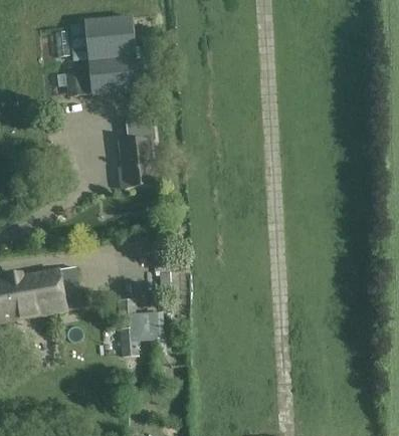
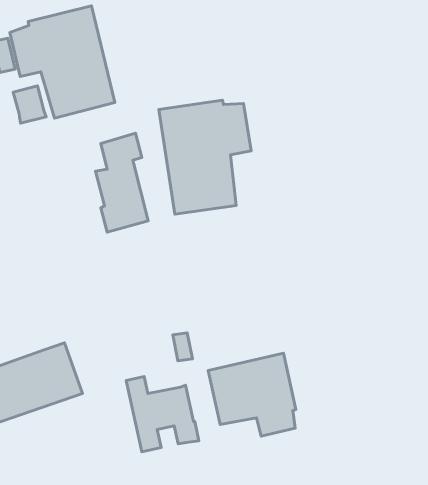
building: none -> [159,100,251,214]
building: none -> [208,353,296,436]

